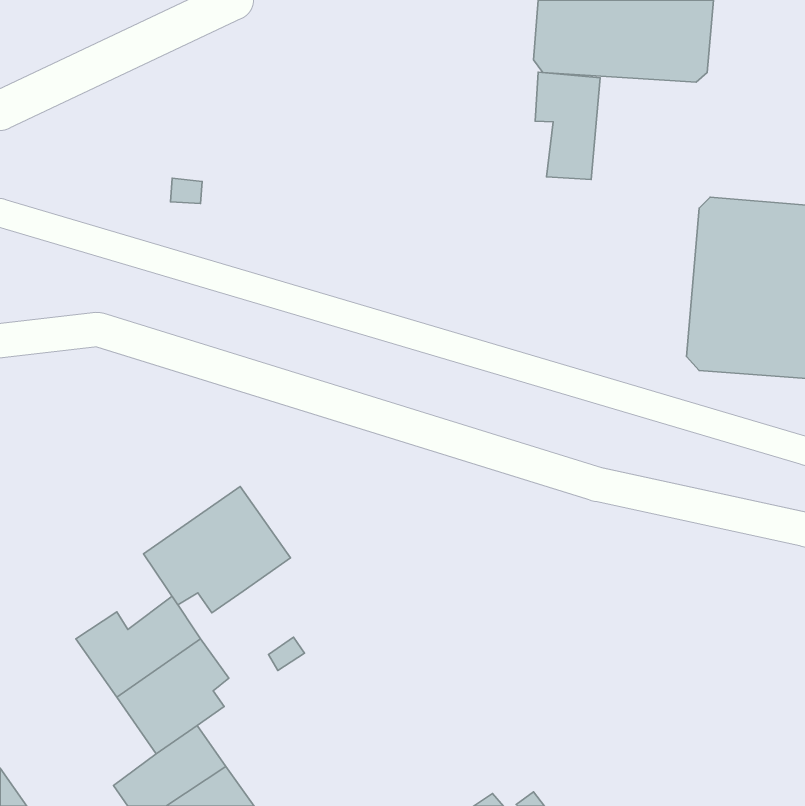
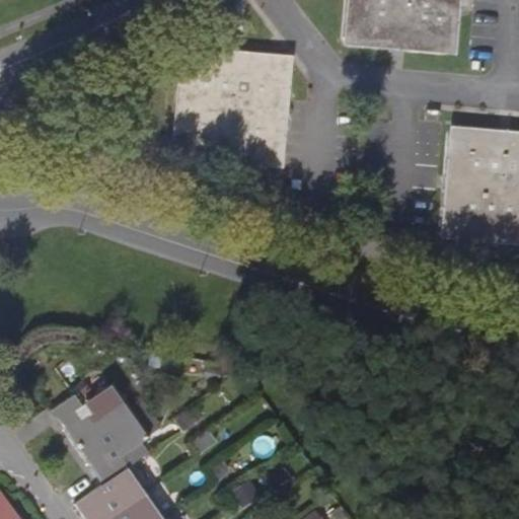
building: [535,72,600,179] -> none
building: none -> [179,49,293,163]
building: [143,486,290,613] -> none

